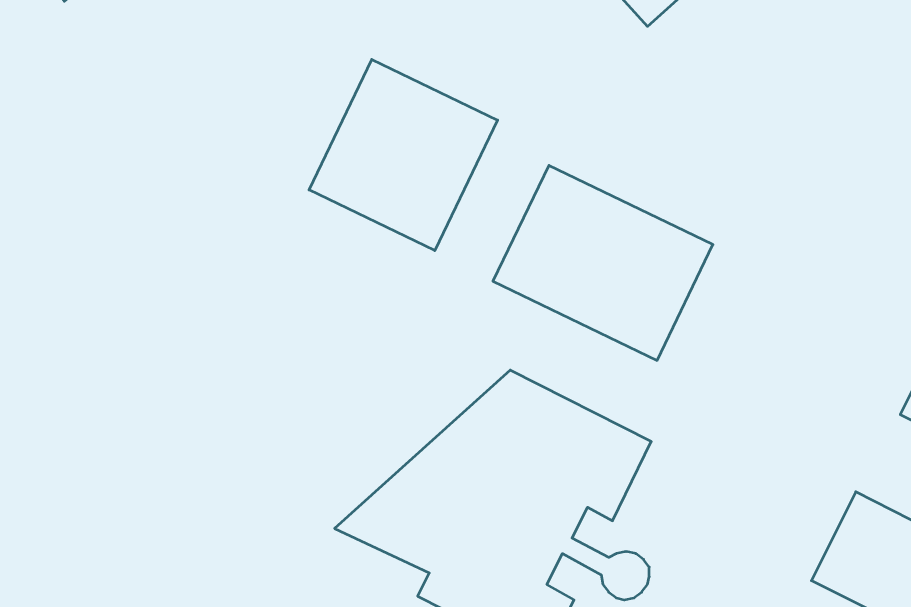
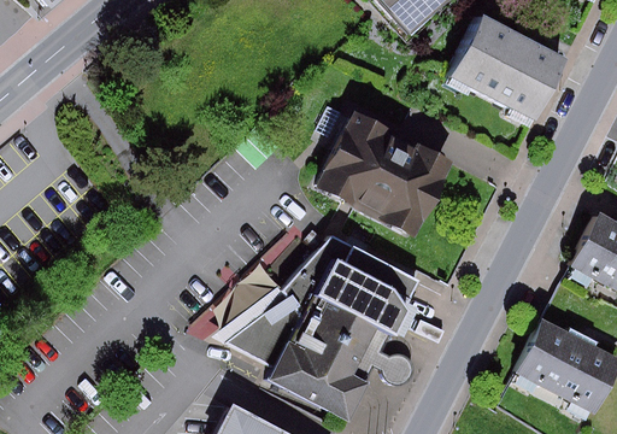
building: none -> [448,14,565,119]
building: [309,59,498,251] -> none

